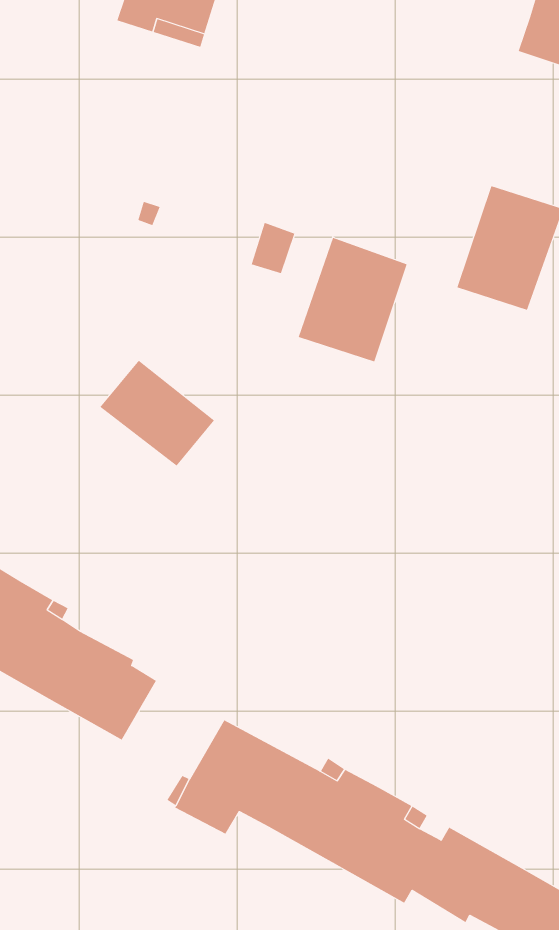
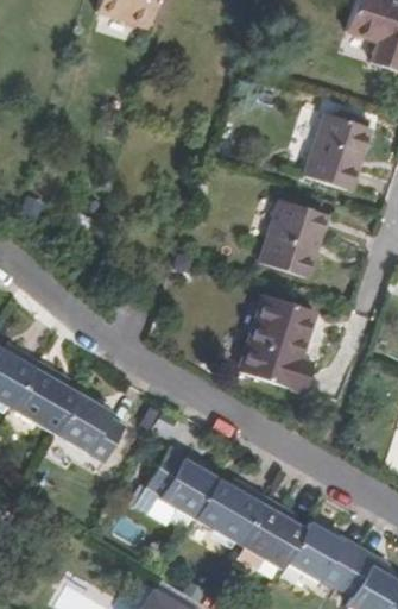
building: [298,237,407,362] -> [260,203,328,281]
building: [99,360,215,467] -> none
building: none -> [233,294,315,395]

